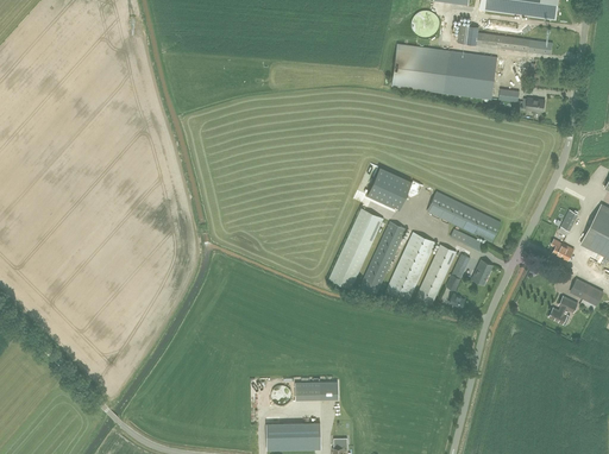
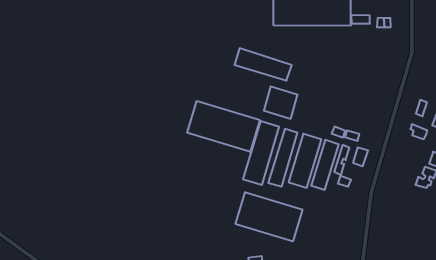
building: none -> [187,101,260,152]
building: [427,191,501,241] -> [234,48,292,81]
building: none -> [236,192,302,241]

